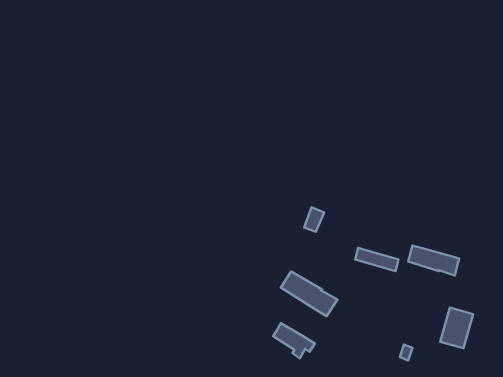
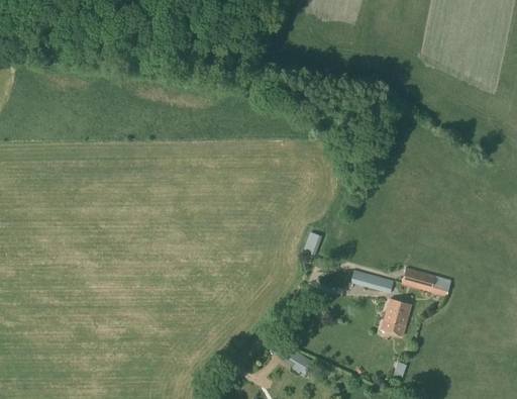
building: [281,272,338,316] -> none
building: [440,308,473,348] -> [381,298,412,336]

